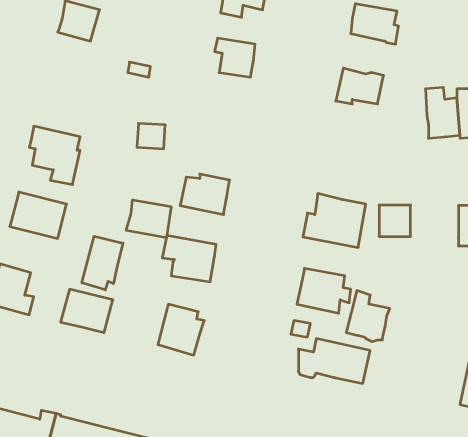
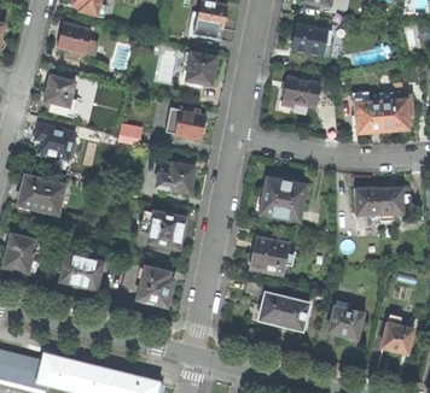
building: none -> [43,75,77,116]
building: none -> [170,106,205,140]
building: [126,200,171,238] -> none
building: [379,205,411,236] -> [355,187,380,212]
building: [82,236,123,290] -> none
building: [346,291,390,341] -> [329,299,364,340]

